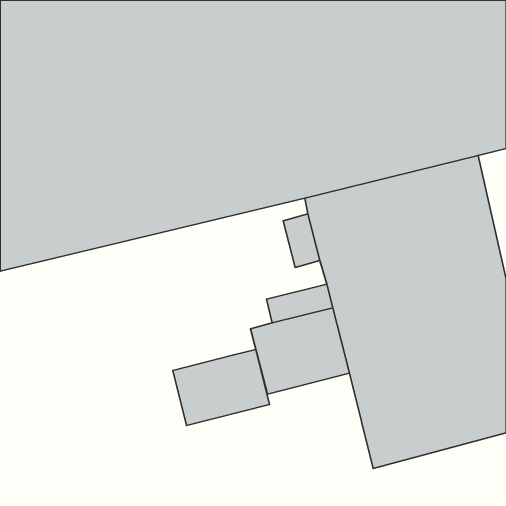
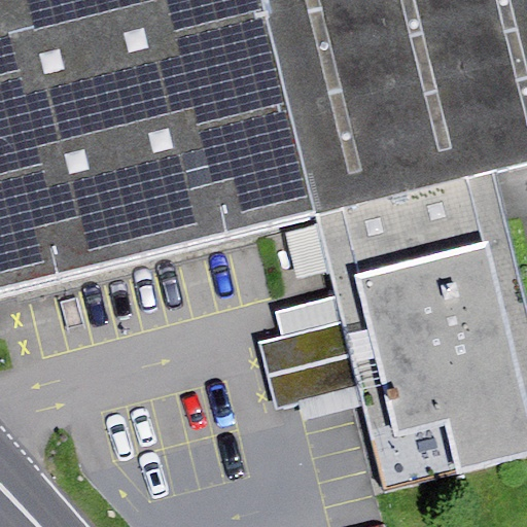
building: [173,350,269,426] -> none

